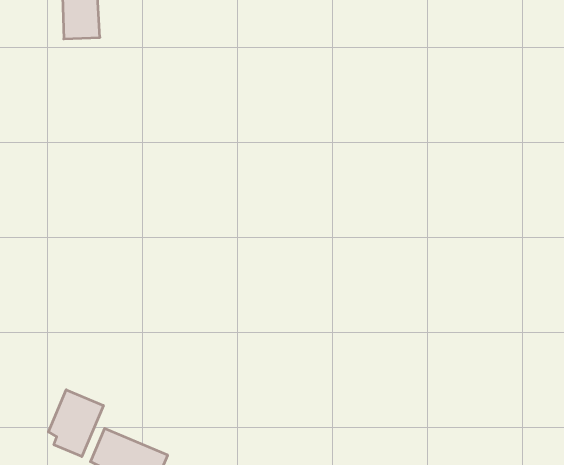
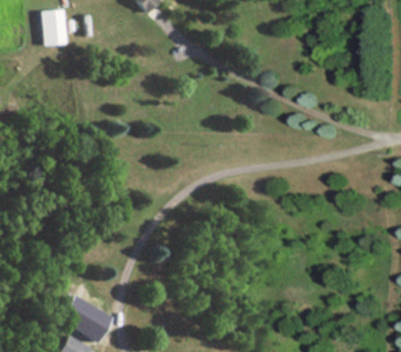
building: [48,390,103,457] -> none

